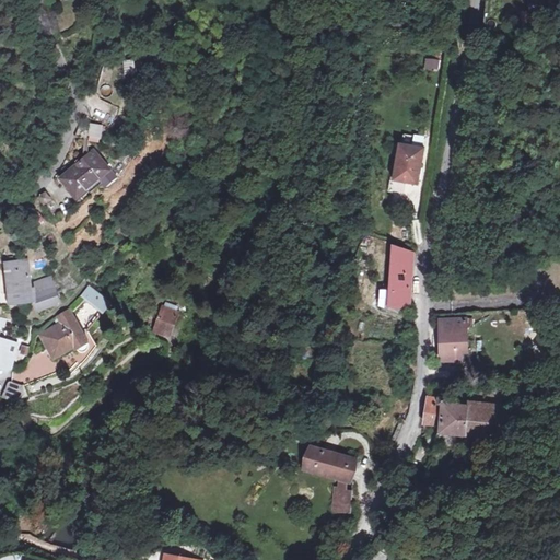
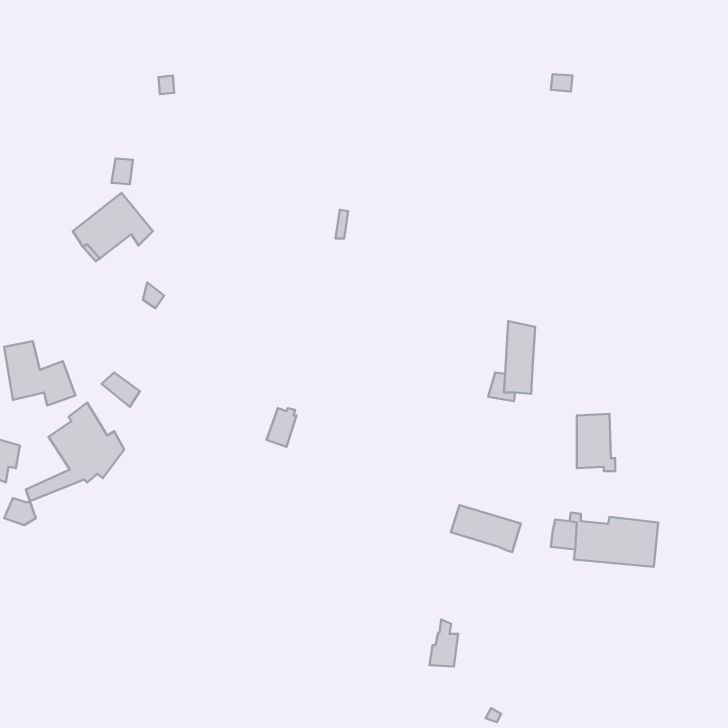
building: [392,143,421,182] -> none
building: [154,306,177,336] -> [267,408,297,447]
building: [302,443,355,479] -> [451,505,521,552]

